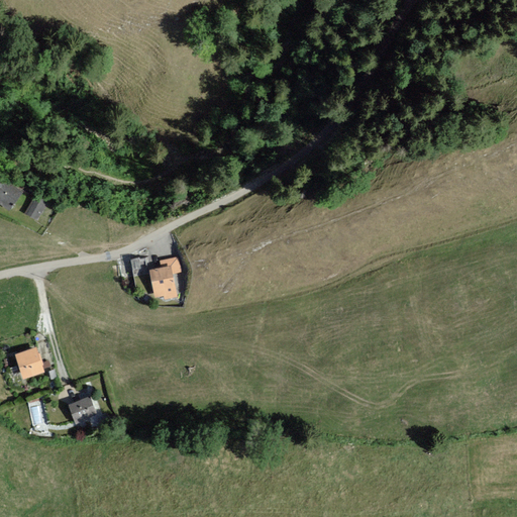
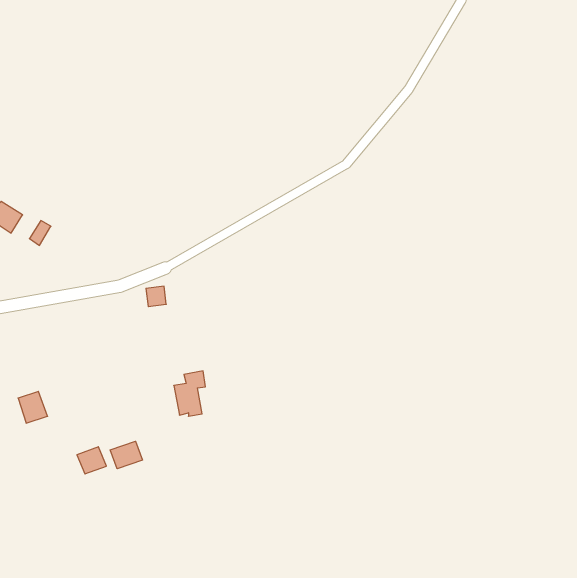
building: [150,257,179,298] -> [174,371,205,416]
building: none -> [110,441,143,469]

